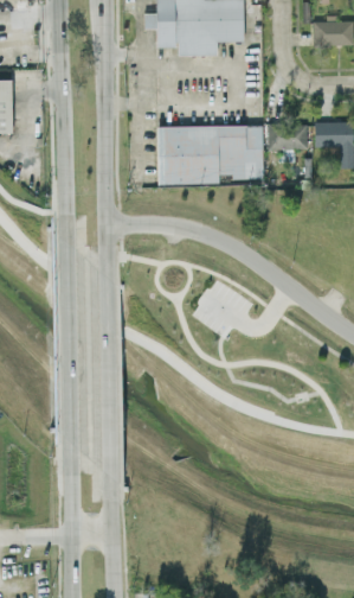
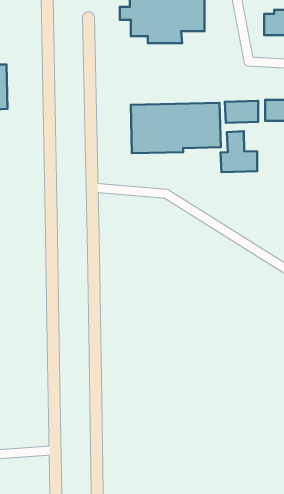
building: none -> [221,131,257,172]

